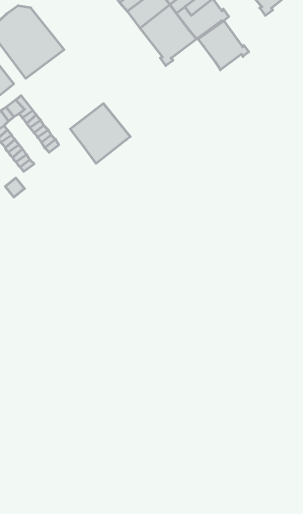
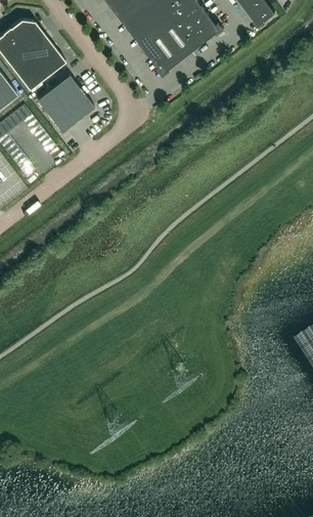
building: [198,21,249,70] -> none
building: [70,104,130,163] -> [37,75,94,132]

